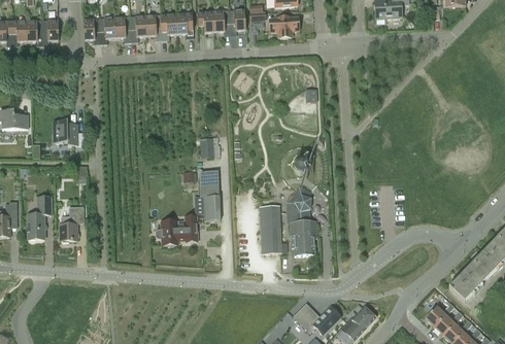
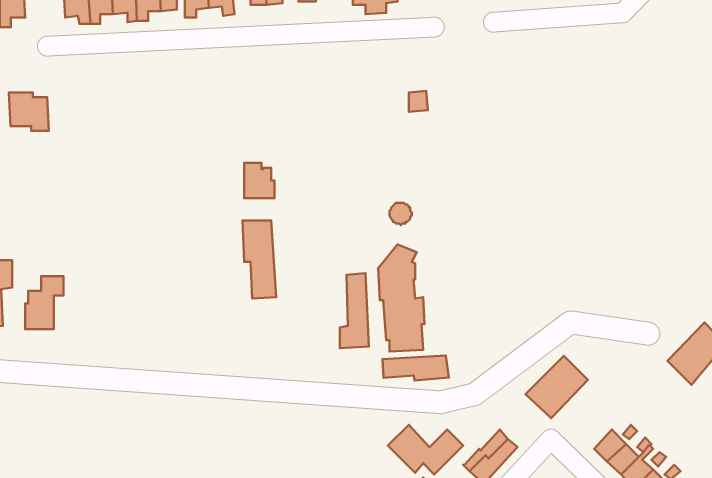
building: [53,119,78,144] -> [9,93,49,131]
building: [156,215,198,244] -> none
building: none -> [382,356,449,380]
building: [448,261,489,301] -> [525,356,588,418]

